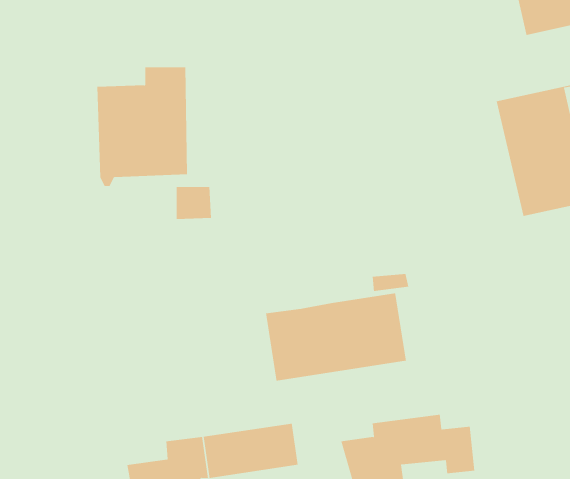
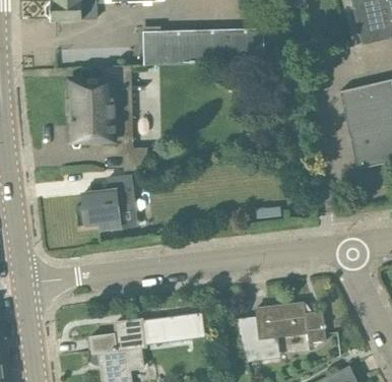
building: none -> [143,28,265,66]
building: none -> [82,176,135,229]
building: [265,293,406,382] -> none

